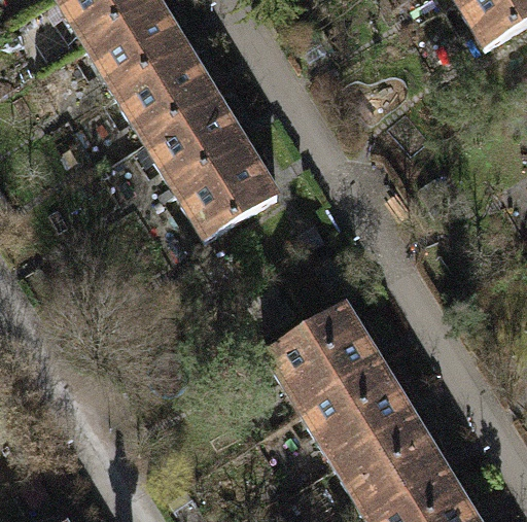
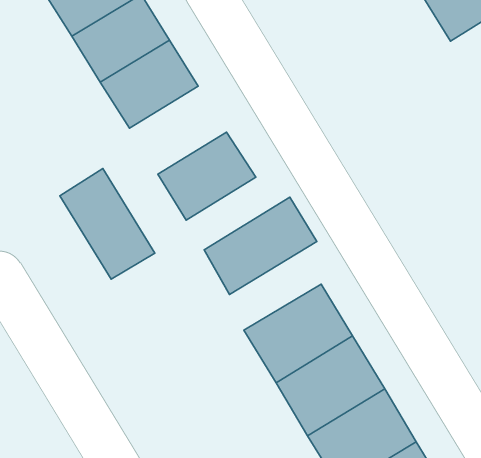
building: [146,97,248,189] -> none
building: none -> [60,169,155,279]
building: none -> [204,197,317,295]

